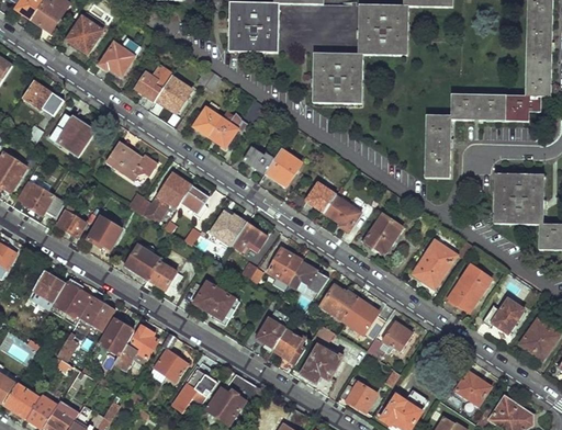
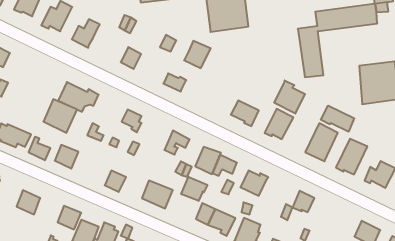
building: [155,76,190,112] -> none
building: [48,114,93,159] -> [43,99,77,133]
building: [207,118,236,147] -> none
building: [265,148,301,184] -> [184,41,211,68]
building: [158,173,192,206] -> none
building: none -> [274,80,305,114]
building: [305,183,335,212] -> none
building: [211,210,246,245] -> none
building: none -> [321,106,354,132]
building: [126,245,164,279] -> none
building: [54,279,91,318] -> none
building: none -> [181,177,207,201]
building: [344,301,380,335] -> none

